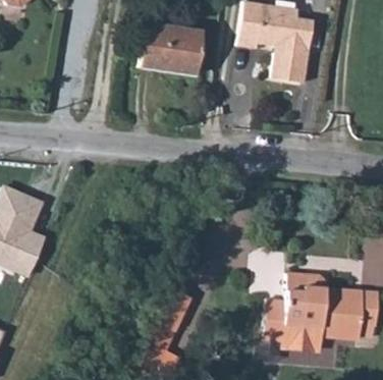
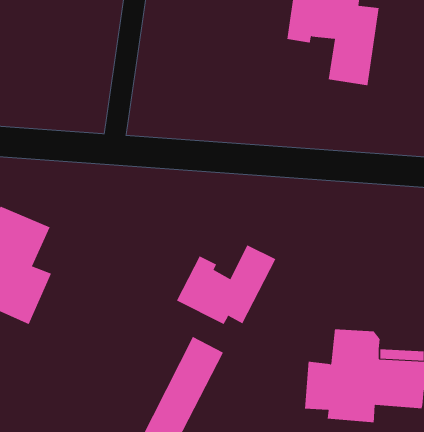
building: [141,20,203,74] -> none
building: none -> [176,245,276,325]

